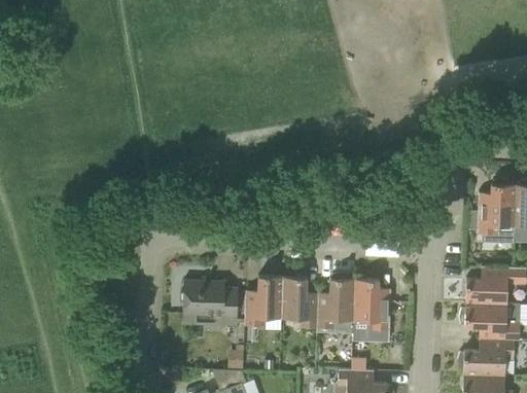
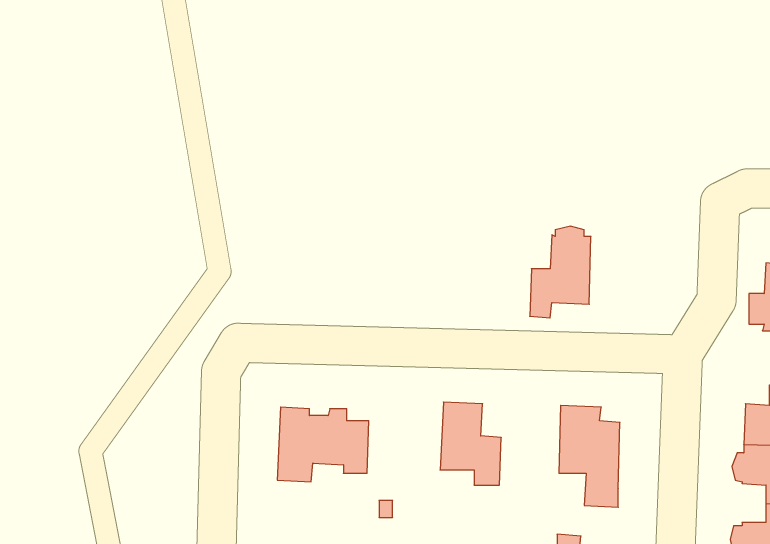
building: [317,274,354,329] -> [530,226,591,318]
building: [244,277,283,327] -> none

